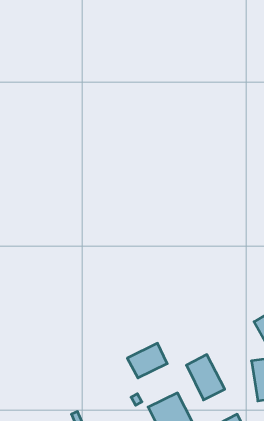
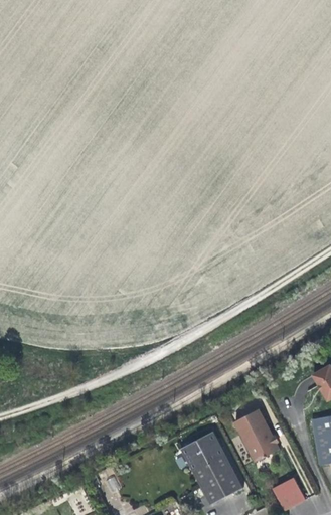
building: [127,343,167,378] -> [181,431,226,470]

